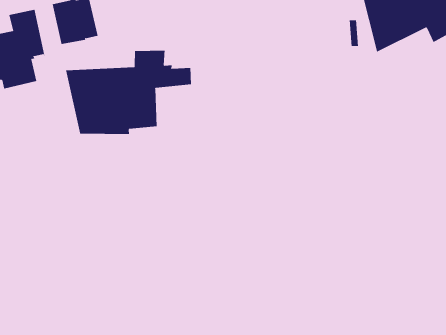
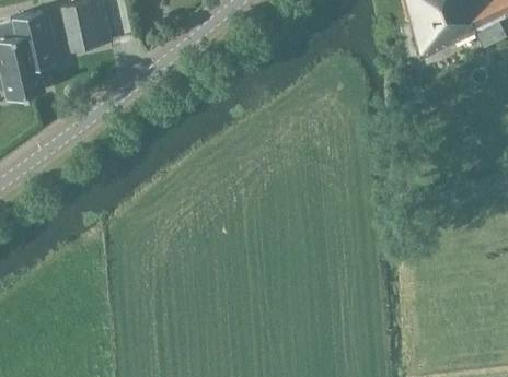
building: [66,50,192,135] -> none

